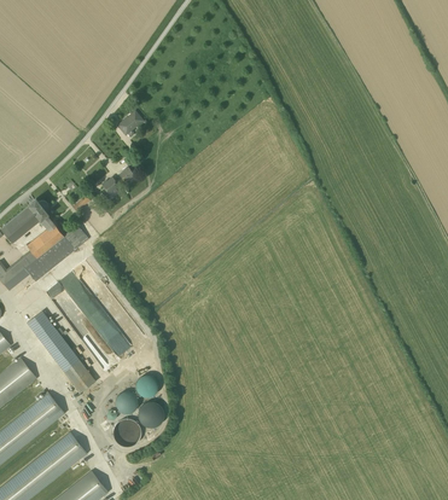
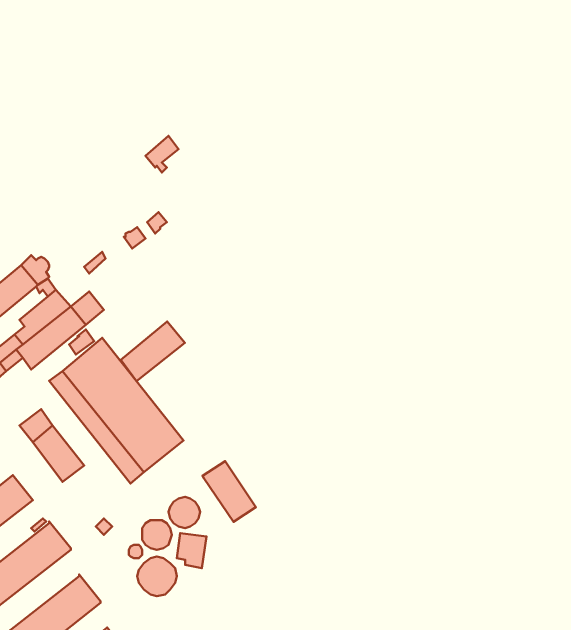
building: none -> [121,321,185,381]
building: none -> [203,461,256,522]
building: [57,353,94,394] -> none

